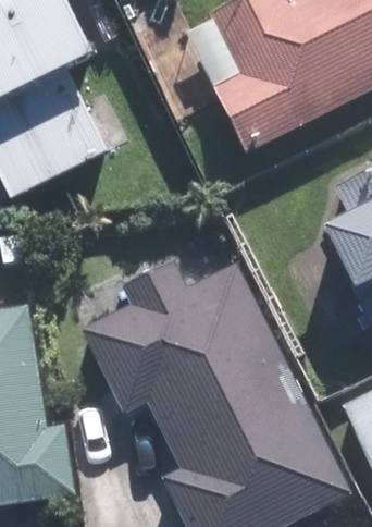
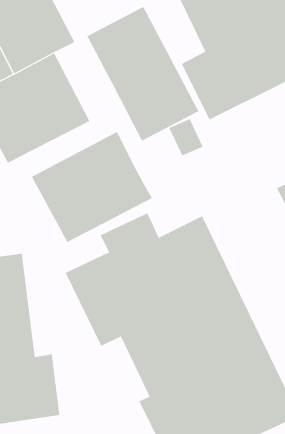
building: none -> [86,6,199,142]
building: none -> [31,131,152,243]

